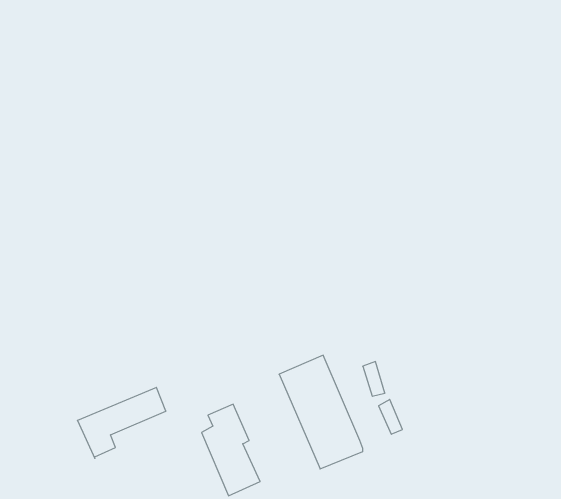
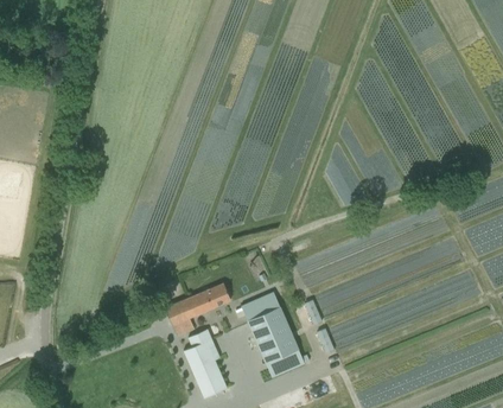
building: [77,387,166,458] -> [164,282,230,336]

